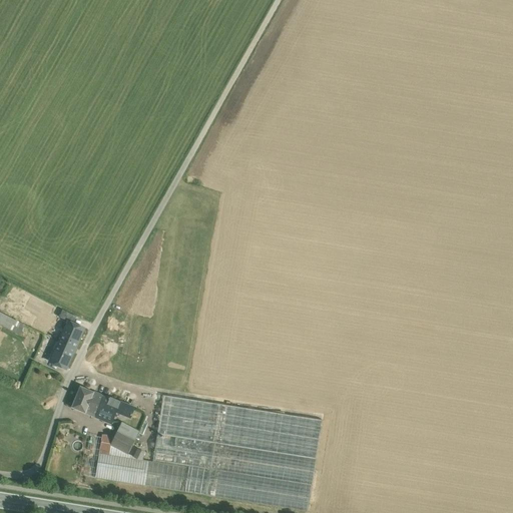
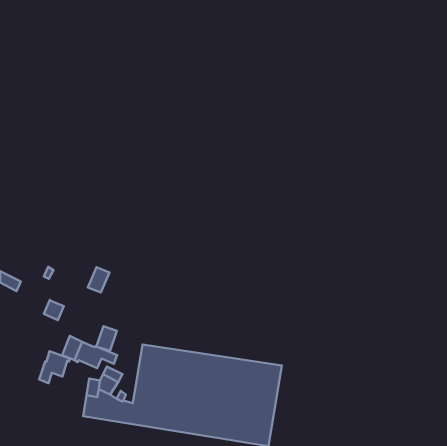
building: [58,322,83,351] -> [88,267,110,293]
building: none -> [96,326,117,350]
building: none -> [39,351,70,383]

